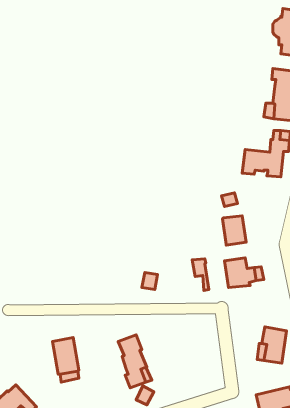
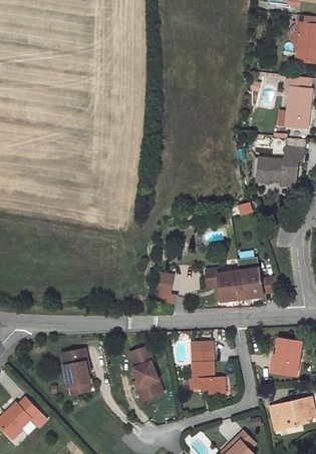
building: [222,216,246,245] -> [218,271,242,301]
building: none -> [192,341,222,393]

